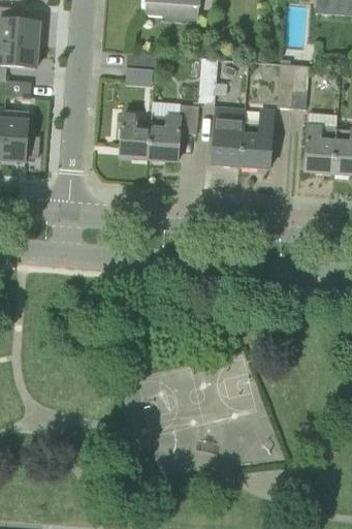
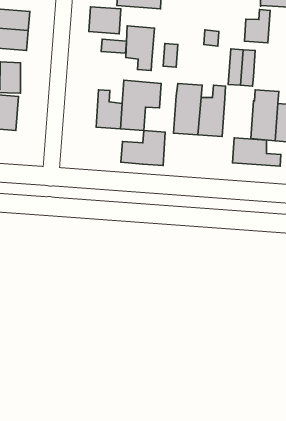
building: none -> [89,7,121,34]
building: none -> [244,10,270,43]
building: none -> [126,26,154,71]
building: none -> [121,131,165,166]
building: none -> [233,138,281,166]

